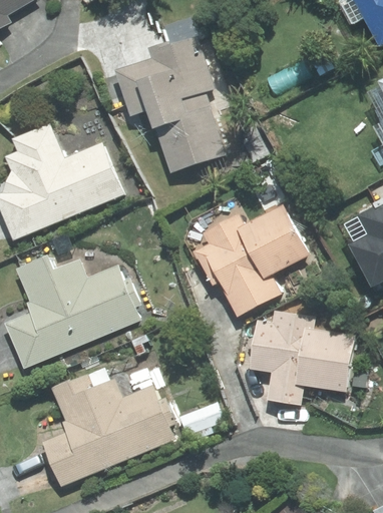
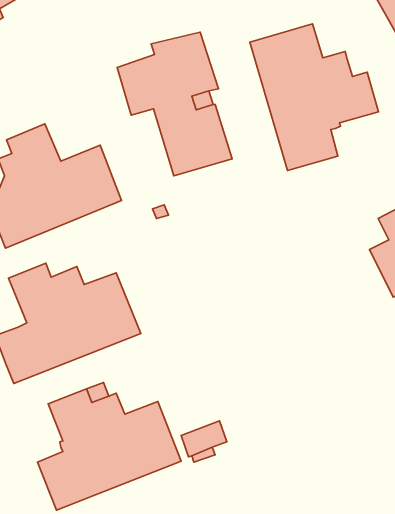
building: none -> [250,24,379,171]
building: [195,204,308,316] -> none
building: [249,309,355,405] -> none

